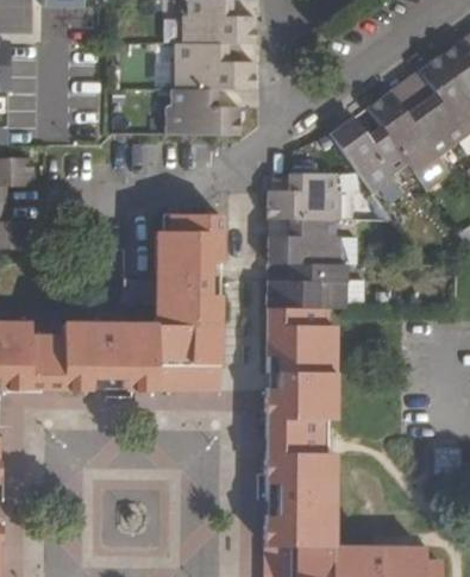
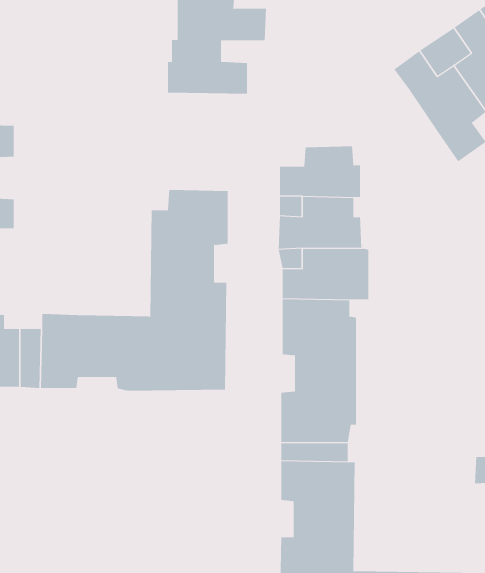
building: [330,119,405,193] -> none

